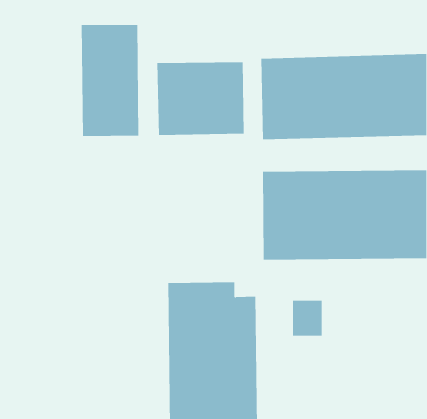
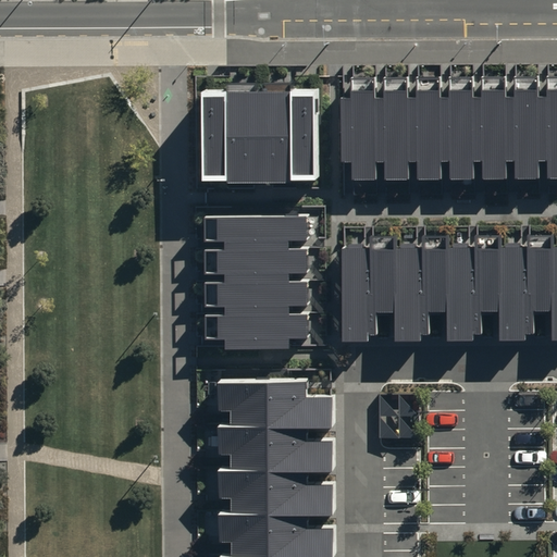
building: [81,24,139,137] -> none
building: none -> [203,215,319,344]

